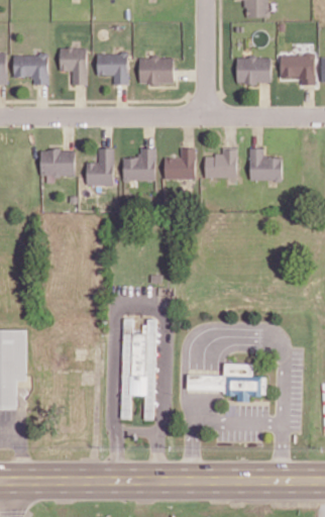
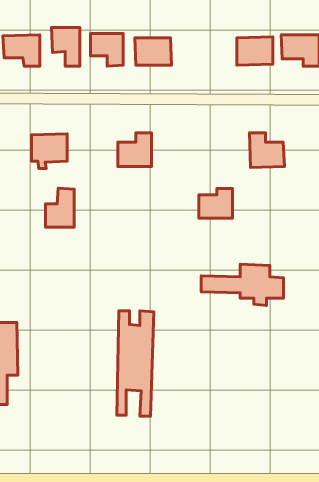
building: [86,147,113,185] -> [46,188,74,227]
building: [164,147,195,179] -> none
building: [204,149,236,178] -> [199,189,233,218]
building: [187,364,265,403] -> [201,264,283,305]

